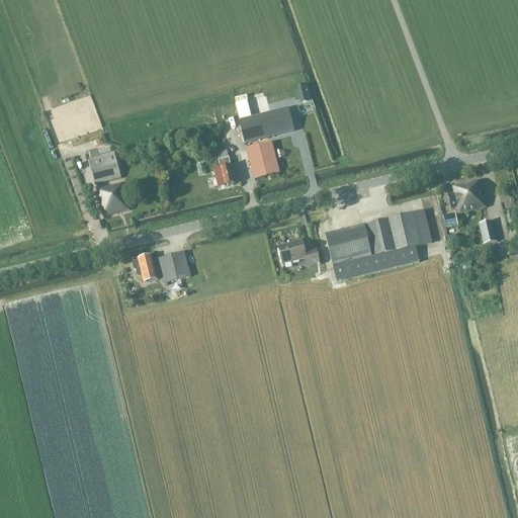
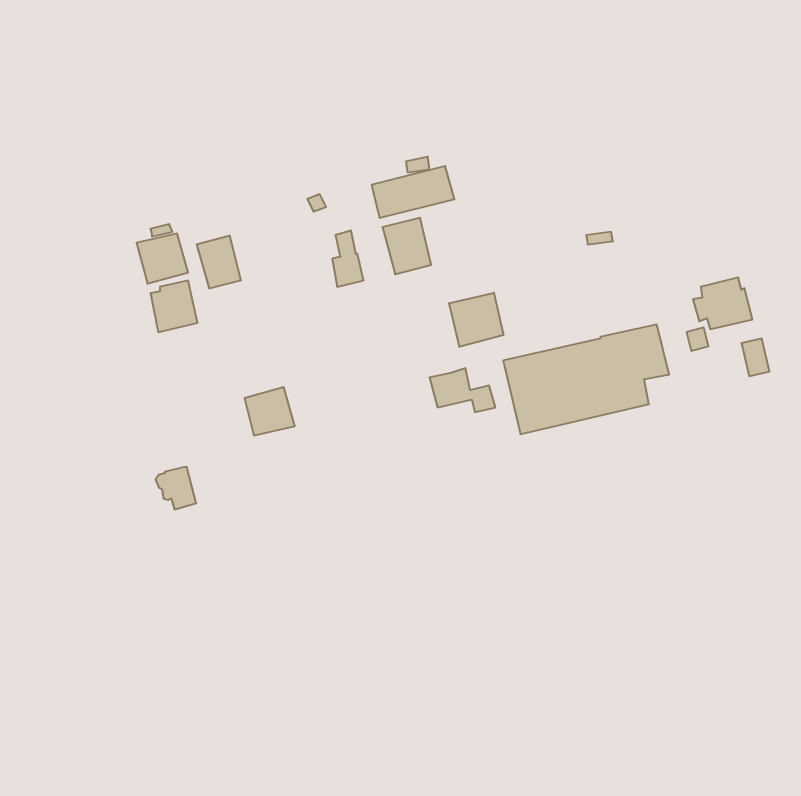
building: none -> [197,235,241,289]
building: none -> [449,293,503,347]
building: [132,254,158,281] -> [156,467,196,509]

